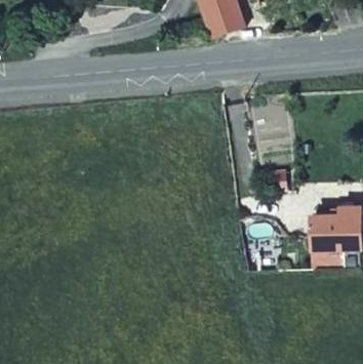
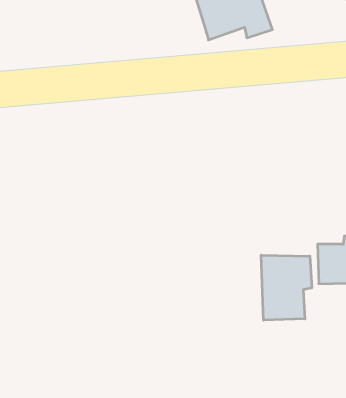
building: none -> [261,255,312,320]

